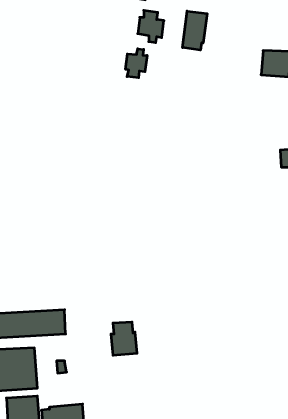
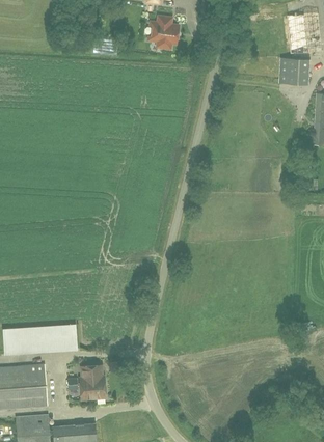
building: [183,11,207,50] -> none
building: [126,49,147,78] -> none
building: [111,322,137,355] -> [79,365,106,399]

